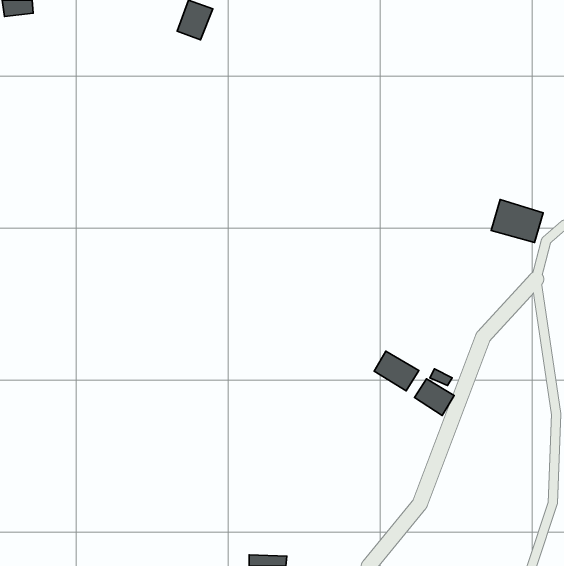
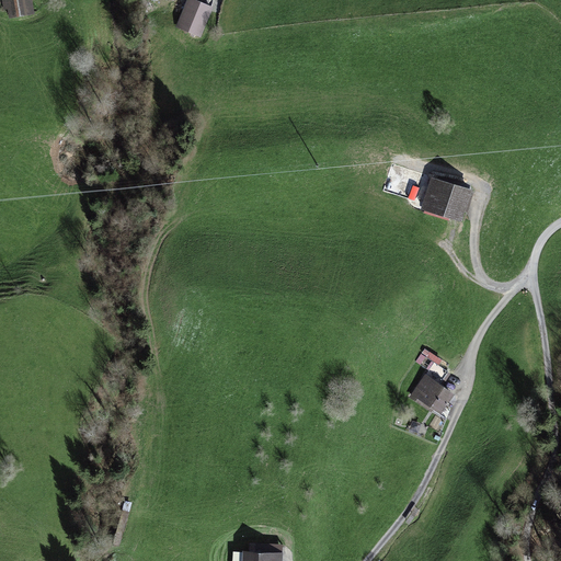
building: [491,199,543,243] -> [421,176,472,219]
building: [374,351,419,391] -> none

